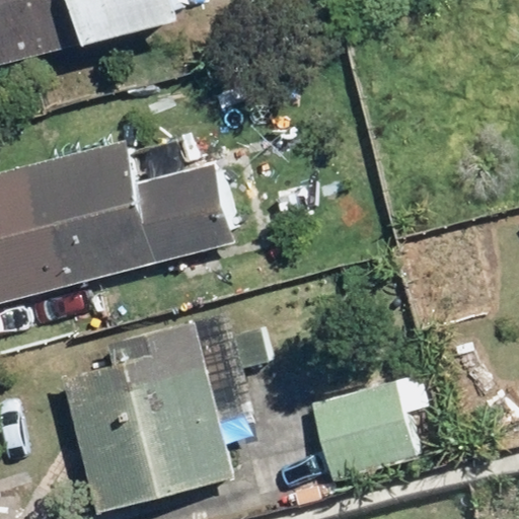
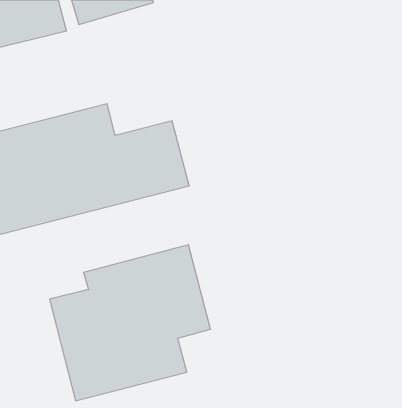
building: [274,378,424,487] -> none

